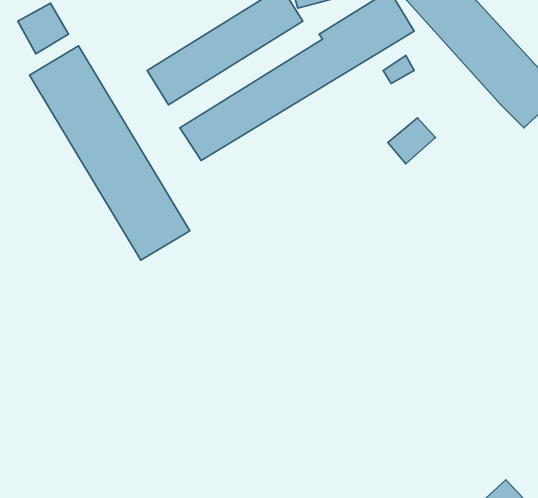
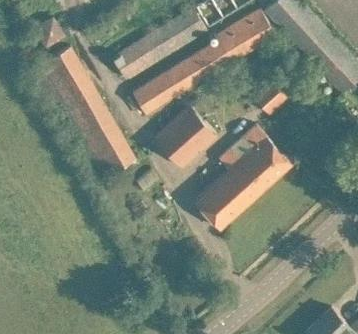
building: none -> [154,105,217,167]
building: none -> [194,125,291,229]

